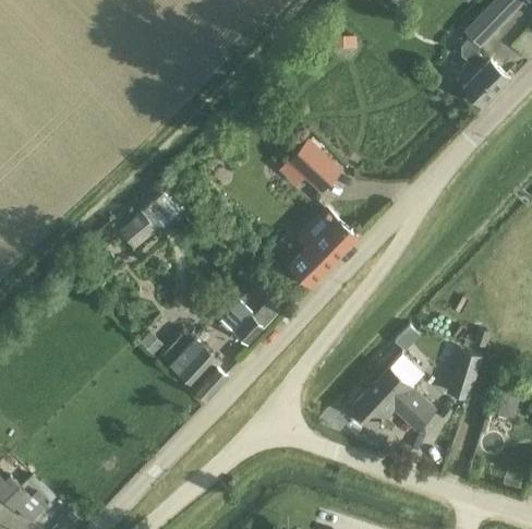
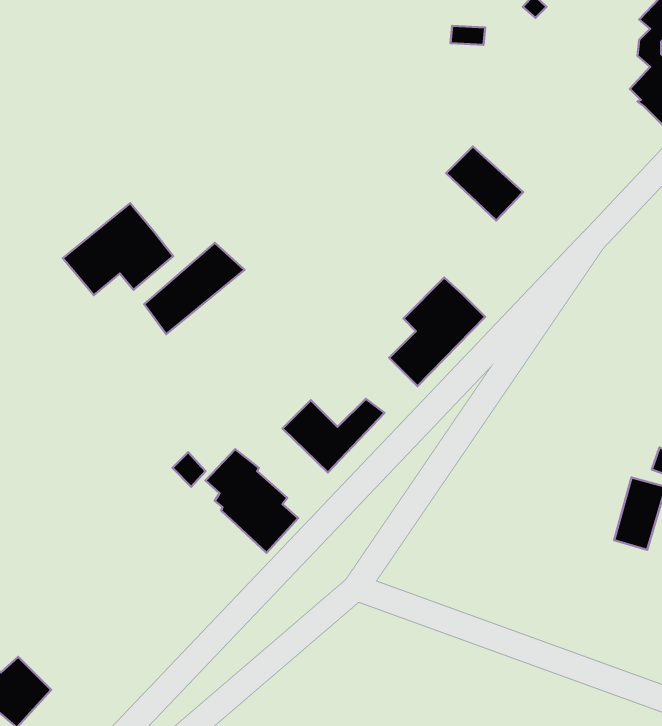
building: [288,142,341,193] -> [446,147,523,220]
building: none -> [63,203,173,295]
building: [352,354,433,429] -> none

